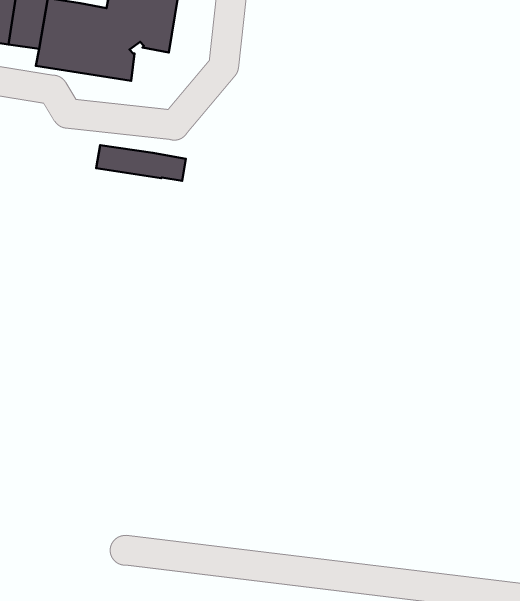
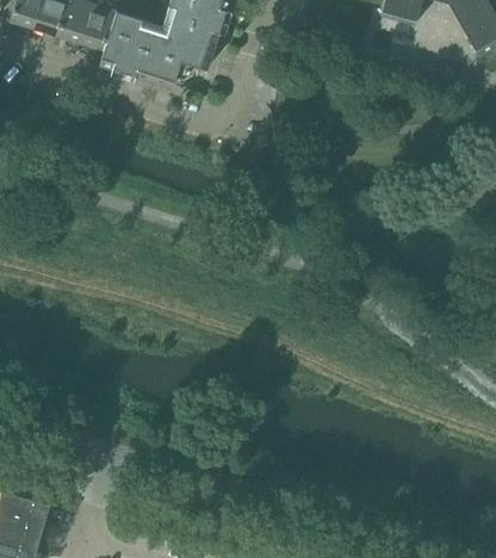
building: [96,145,186,181] -> none

